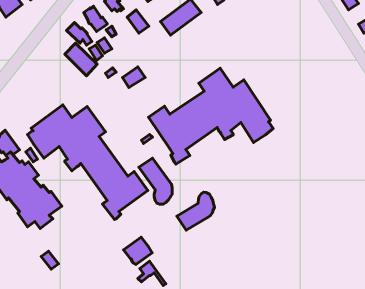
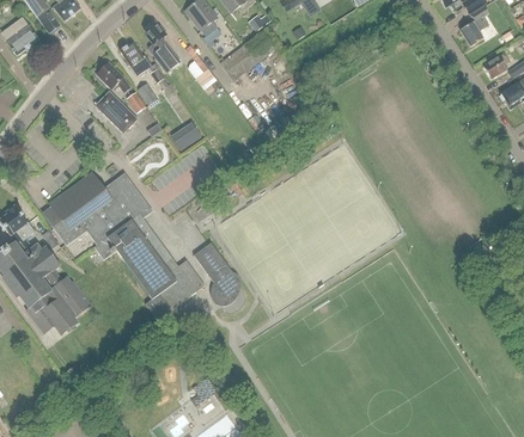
building: [148,68,273,164] -> none
building: [177,192,214,230] -> none
building: [123,237,152,265] -> none

